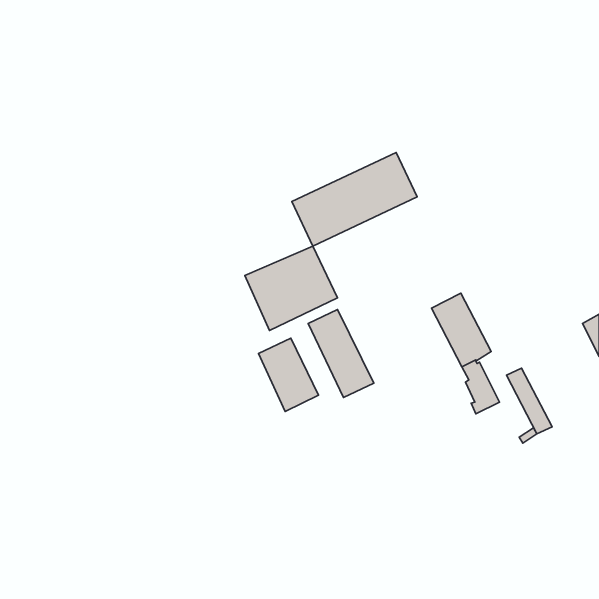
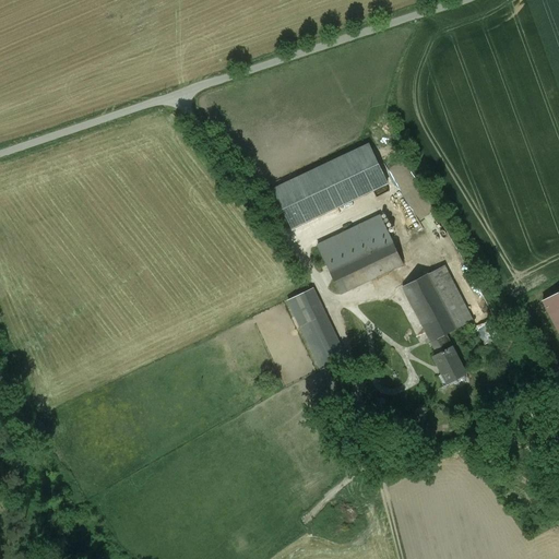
building: [245,246,338,331] -> [317,215,403,294]
building: [259,338,318,411] -> none
building: [506,368,552,434] -> [429,266,472,328]

